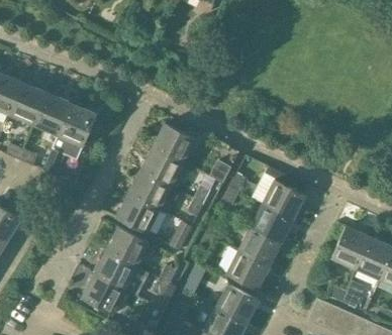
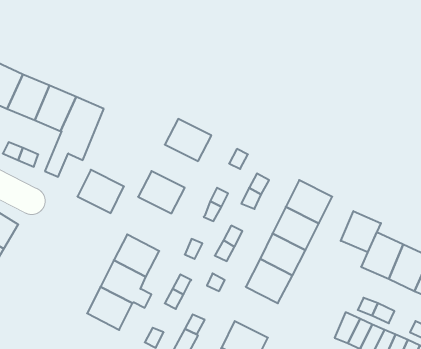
building: [140,146,183,186] -> none
building: [116,194,159,233] -> [77,170,124,213]
building: none -> [341,211,381,252]
building: [216,284,259,322] -> none

